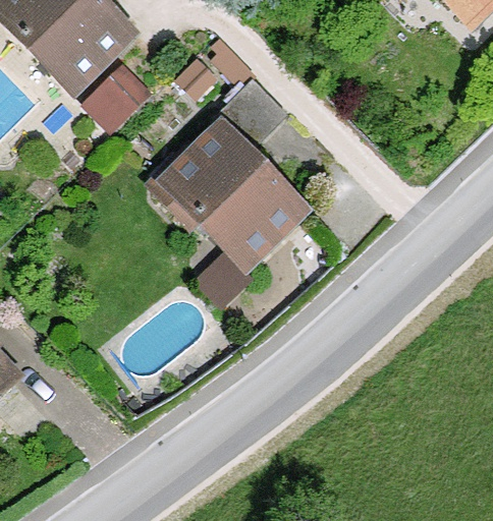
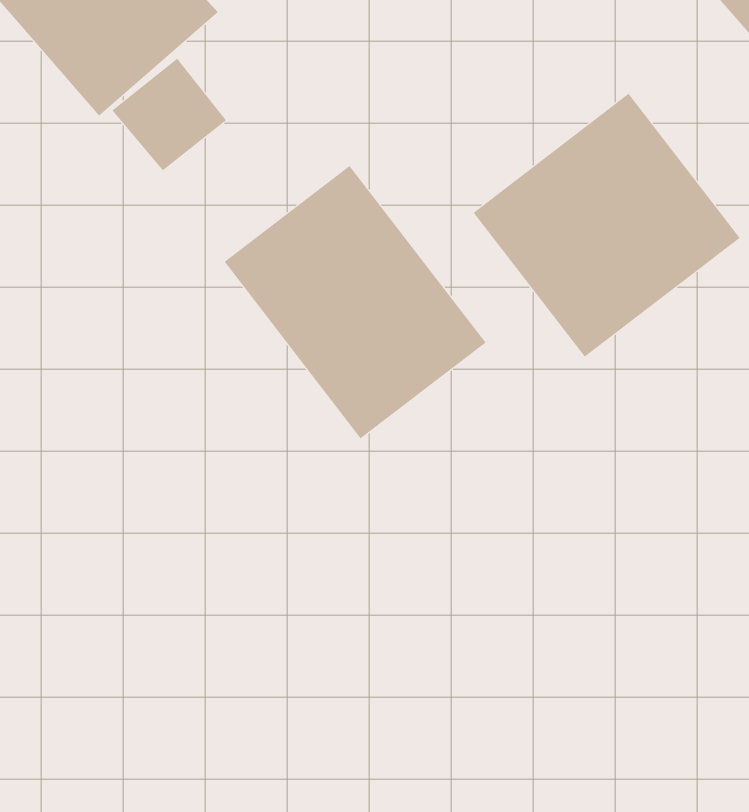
building: none -> [473,93,740,358]

